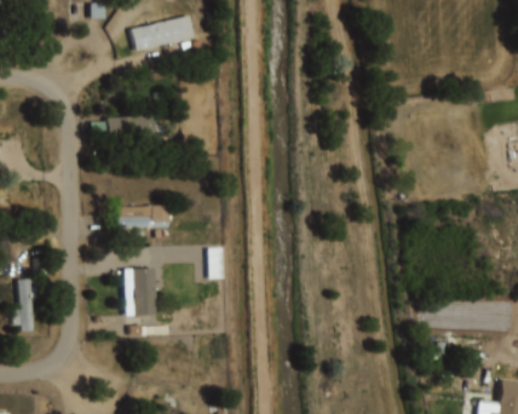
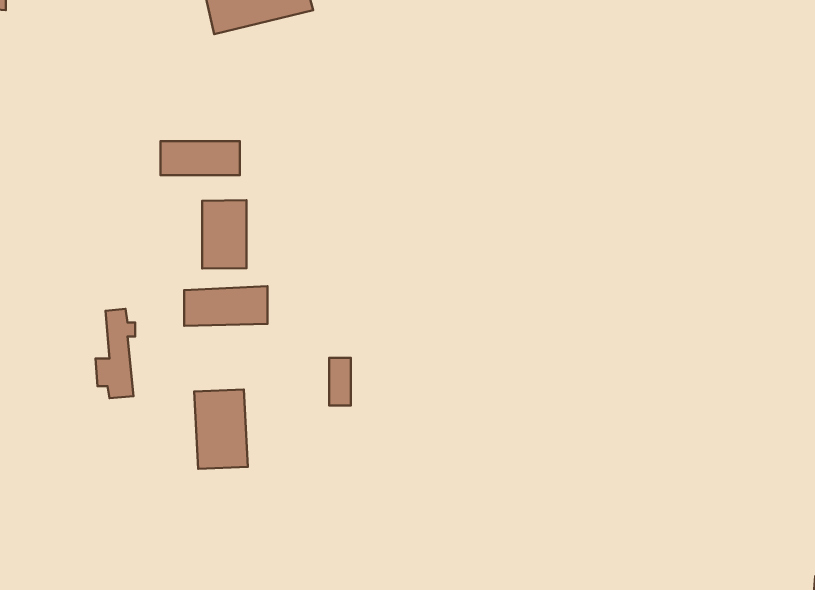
building: none -> [202,200,247,269]
building: [12,278,36,333] -> [96,309,135,398]

